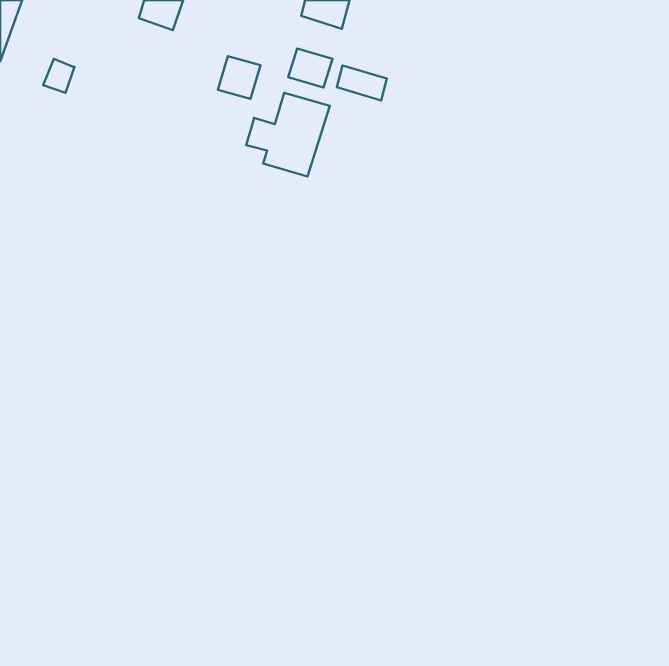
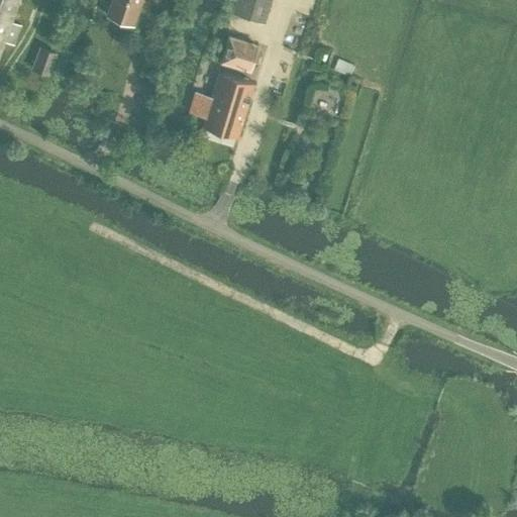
building: [218,56,261,99] -> none
building: [337,65,387,100] -> none

